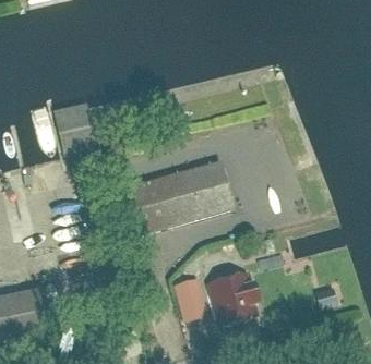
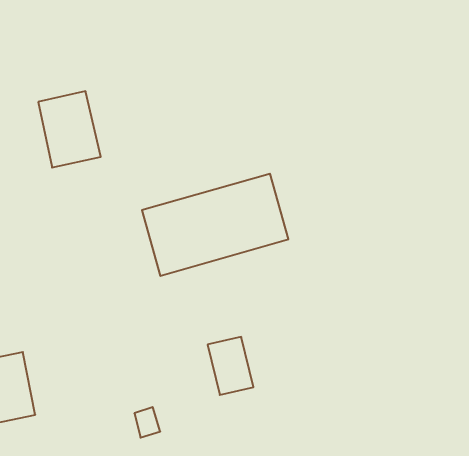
building: [206,271,258,325] -> none

